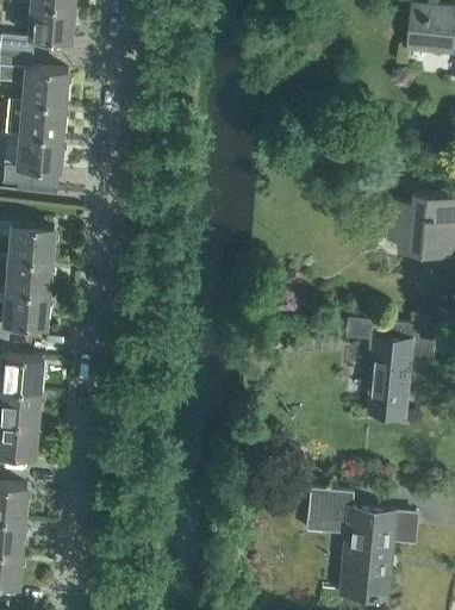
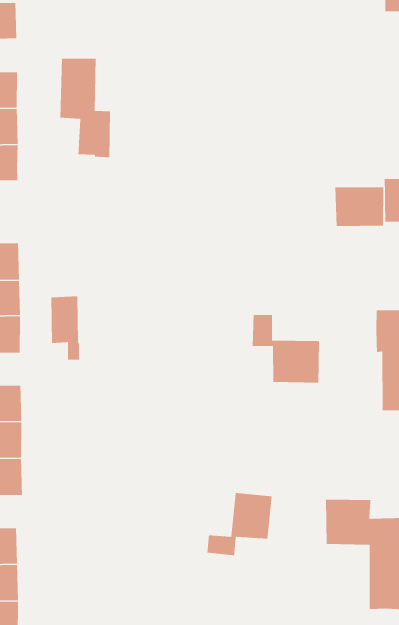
building: none -> [59,58,111,158]
building: none -> [335,187,384,227]
building: none -> [51,295,80,360]
building: none -> [252,314,320,383]
building: none -> [206,492,273,556]

